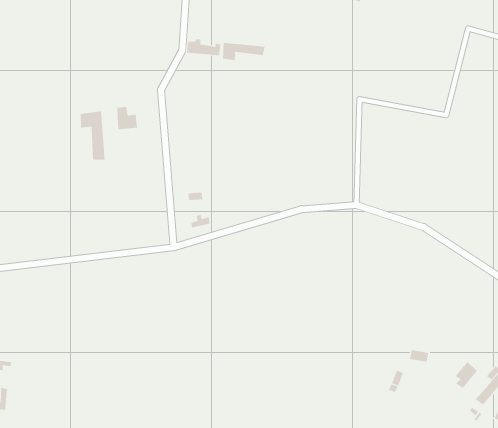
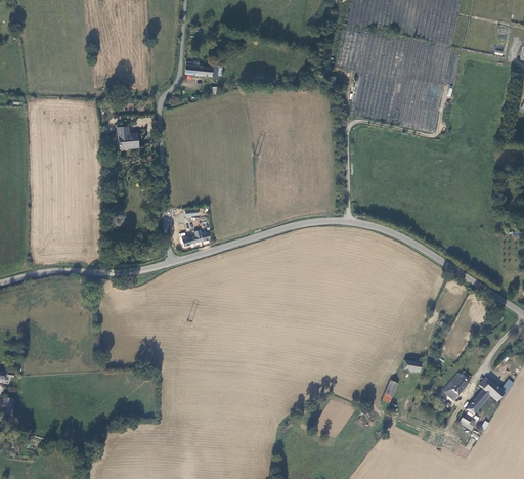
building: [223,42,265,61] -> none
building: [80,111,105,161] -> none

